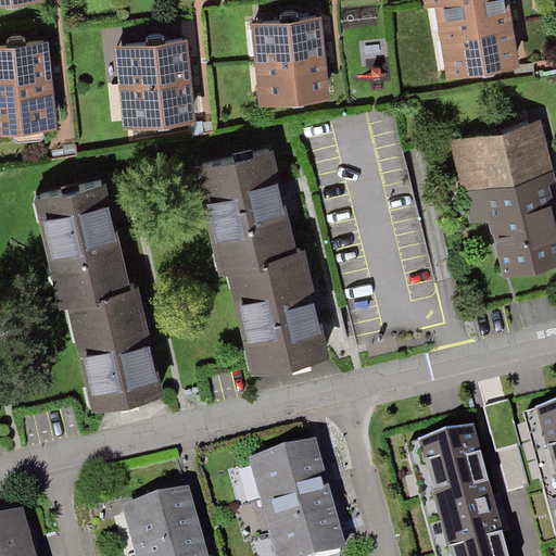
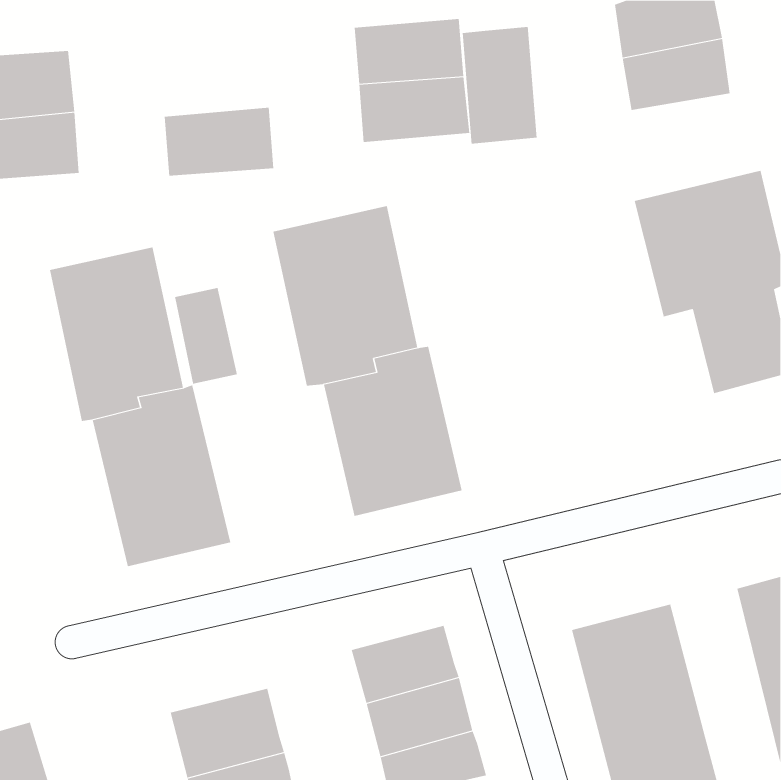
building: none -> [462,26,537,145]
building: [113,35,191,85] -> none
building: none -> [175,287,237,385]

